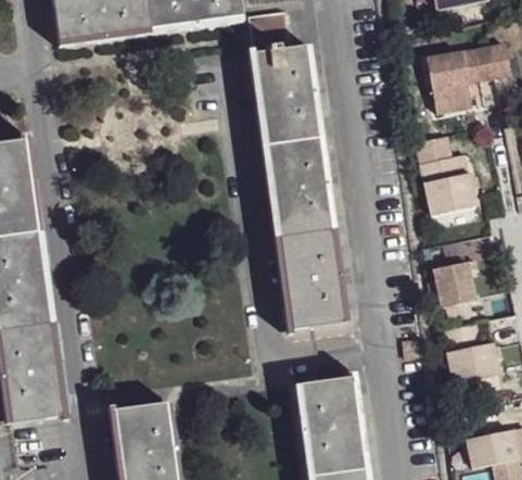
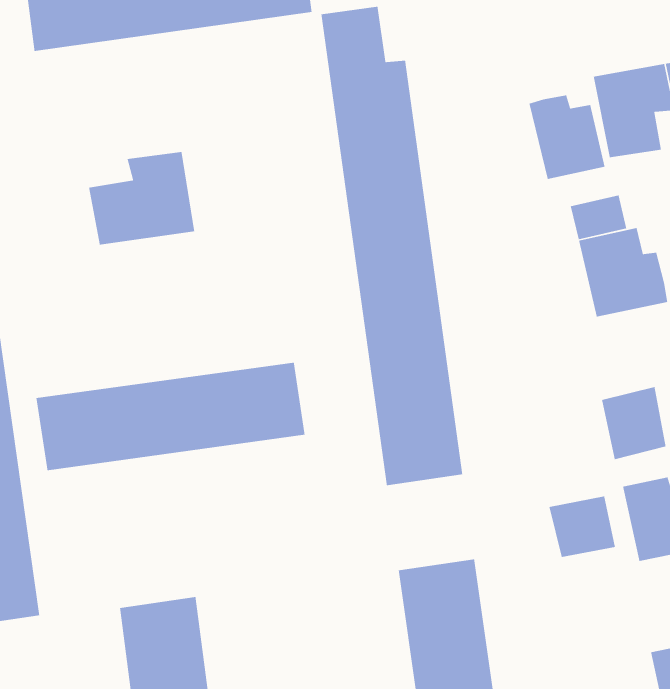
building: none -> [528,95,606,180]
building: none -> [88,151,195,245]
building: none -> [36,362,306,471]
building: none -> [549,496,616,558]

